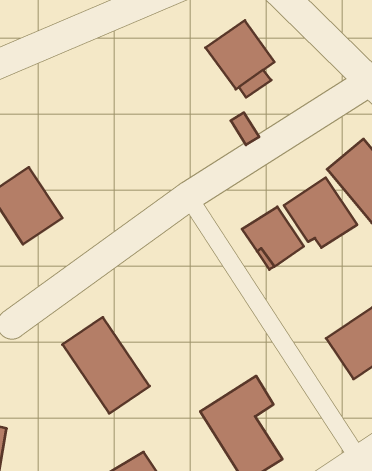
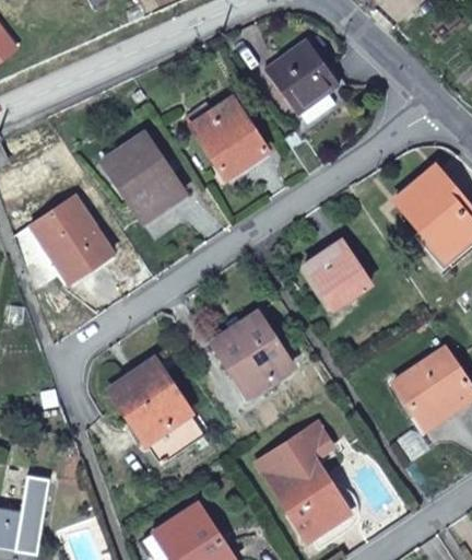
building: none -> [185,97,266,175]
building: none -> [103,132,184,220]
building: [284,178,357,248] -> none
building: none -> [213,314,291,393]

